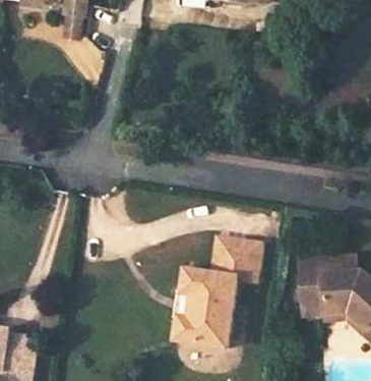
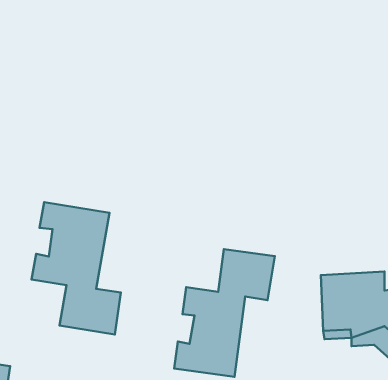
building: none -> [32,202,121,334]

